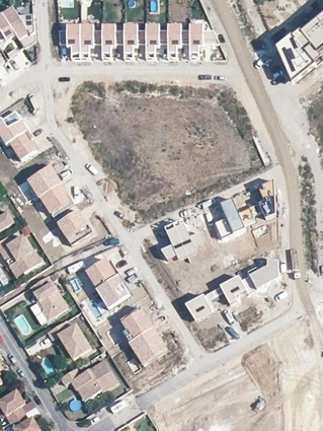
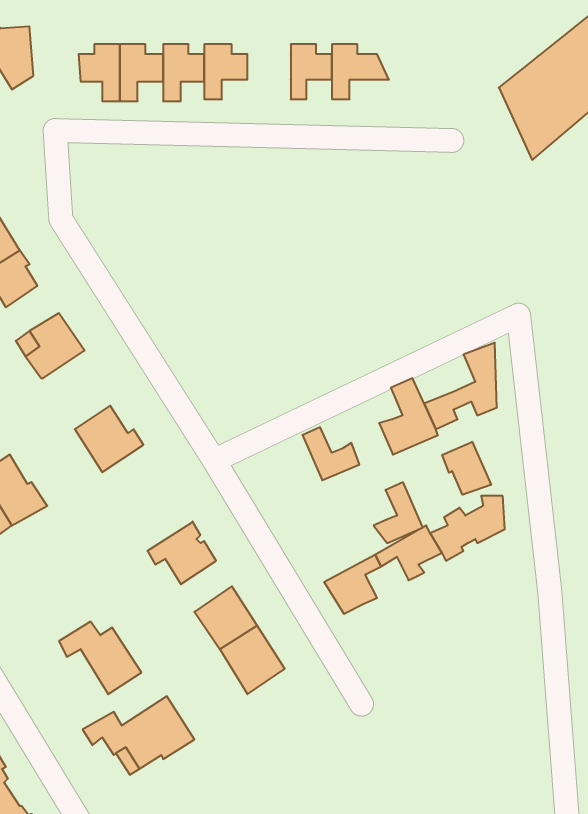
building: [145,24,167,53] -> none
building: [39,183,73,216] -> none
building: [158,226,183,258] -> [374,482,423,543]
building: none -> [442,442,491,495]
building: [82,256,115,286] -> none
building: [29,277,67,320] -> none

